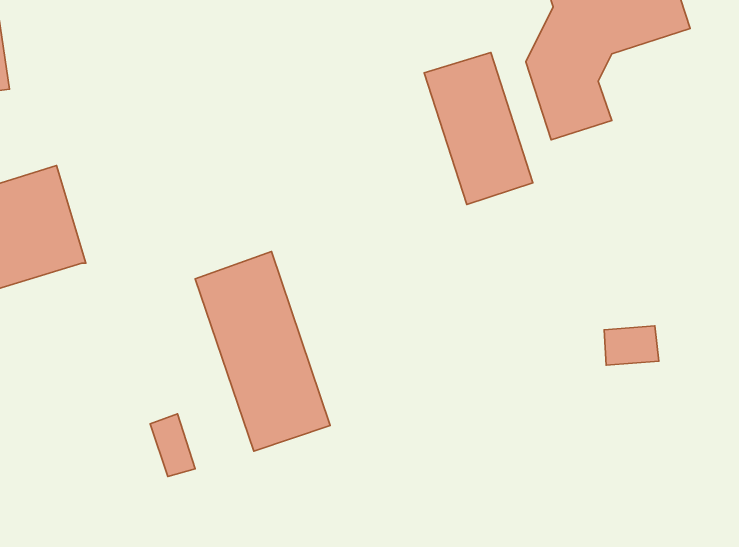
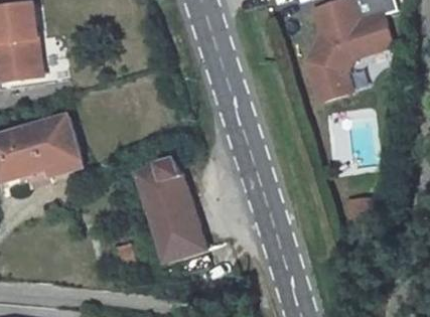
building: [424,52,533,205] -> none

